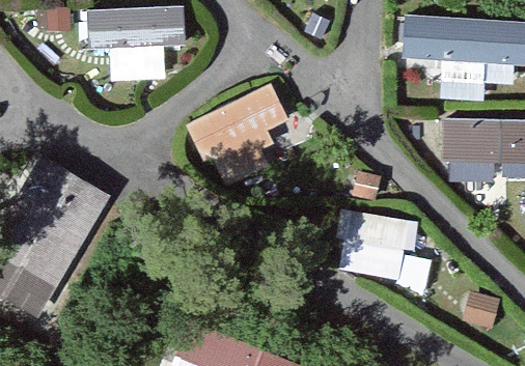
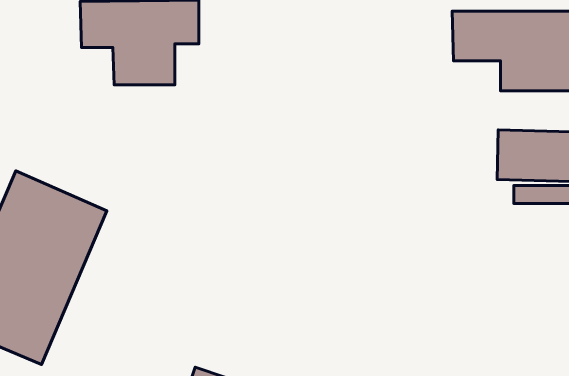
building: [186,82,307,187] -> none
building: [335,212,431,286] -> none

